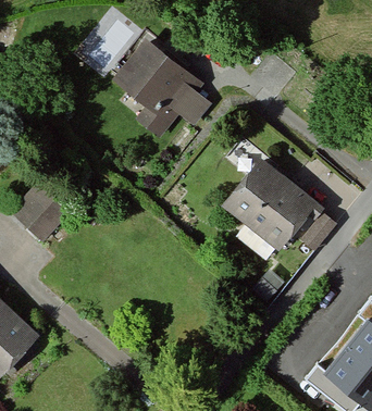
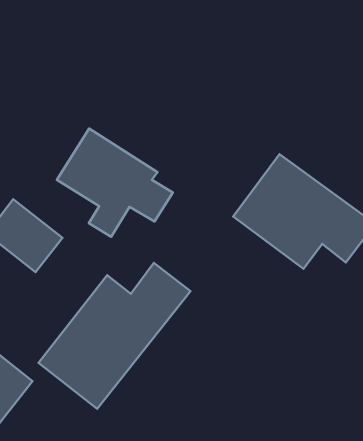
building: [114,41,213,136] -> [57,128,173,237]
building: none -> [39,263,191,409]

